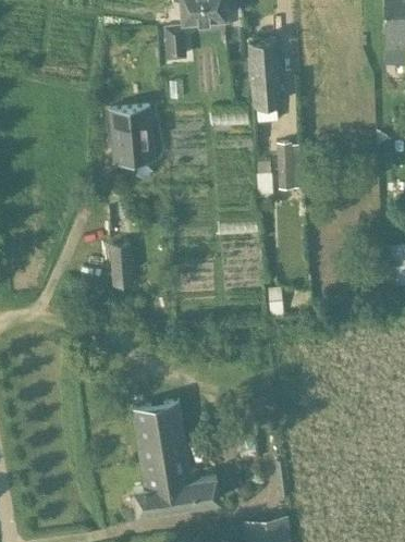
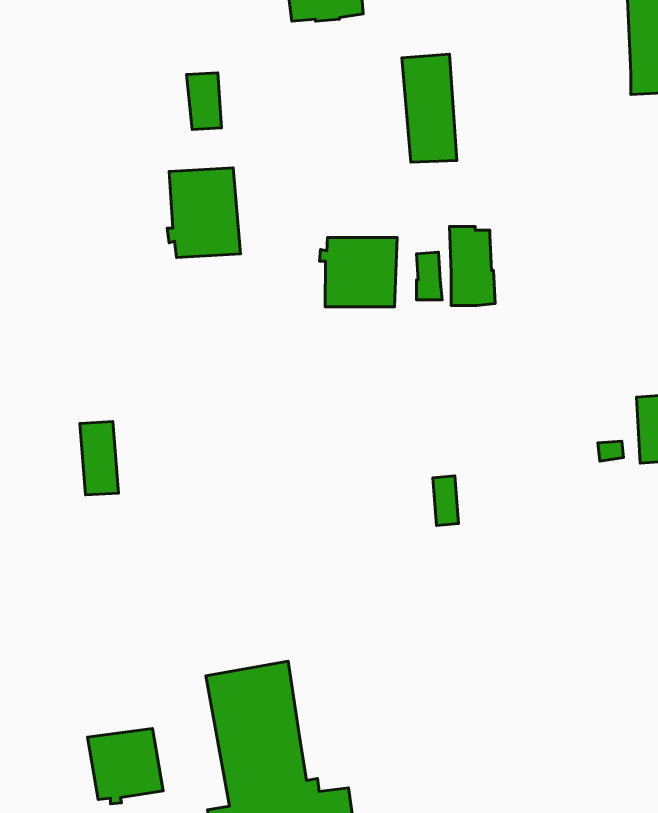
building: [164,23,185,57] -> [187,73,221,130]
building: none -> [320,237,397,307]
building: [109,246,132,290] -> [80,422,118,495]
building: none -> [87,728,163,804]

